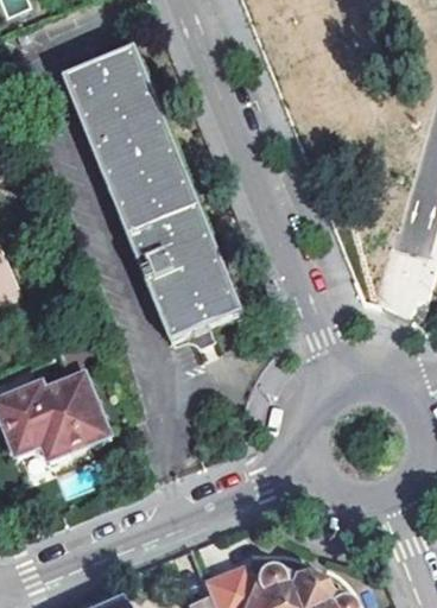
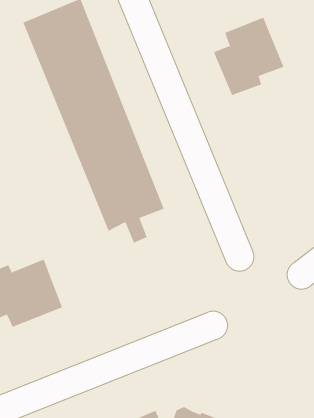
building: none -> [213,17,284,96]

